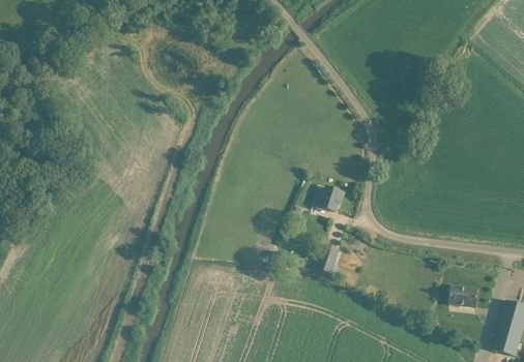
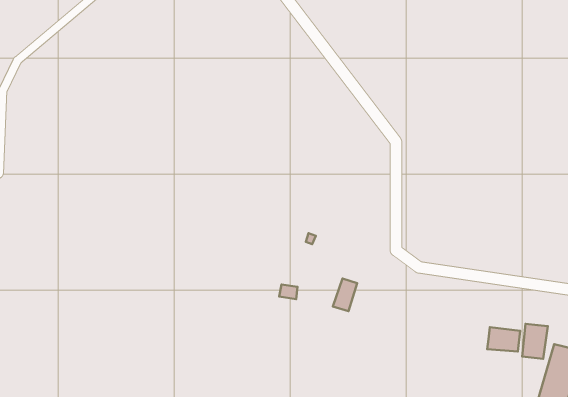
building: [315,186,346,211] -> none
building: none -> [522,324,548,359]

